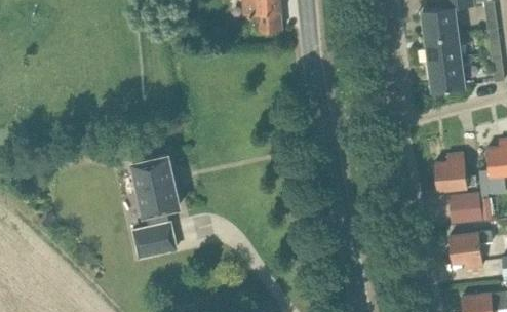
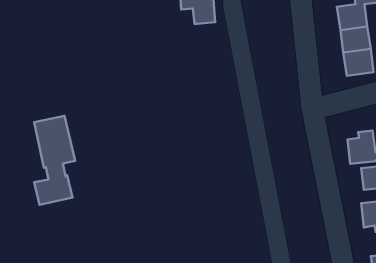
building: [132,156,180,258] -> [34,116,75,205]

